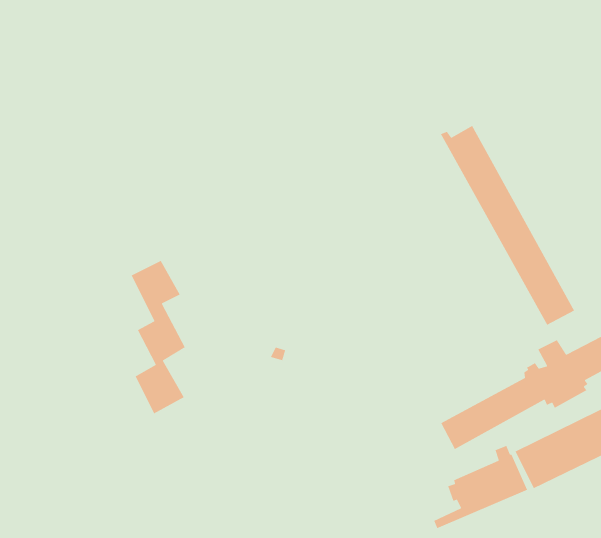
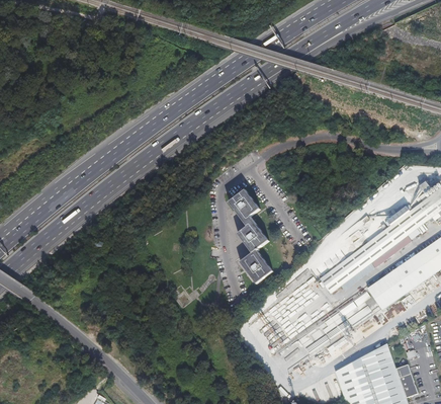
building: [440,125,575,326] -> none
building: [130,260,186,414] -> [229,189,273,284]

